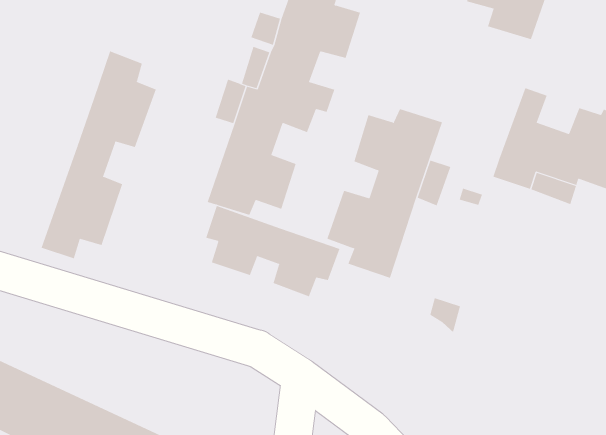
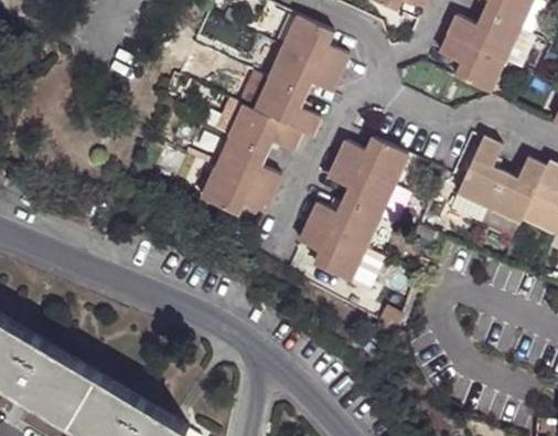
building: [41,51,157,259] -> none
building: [205,205,340,297] -> none

